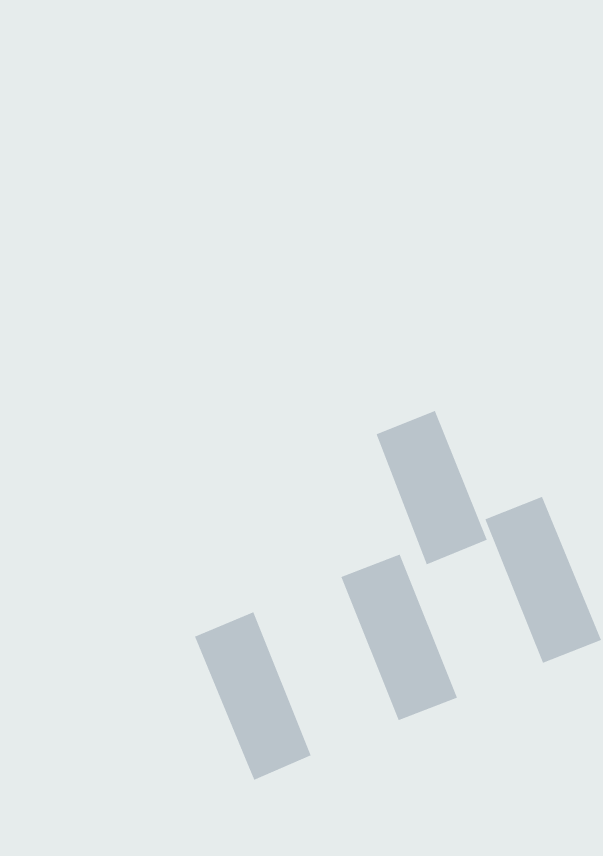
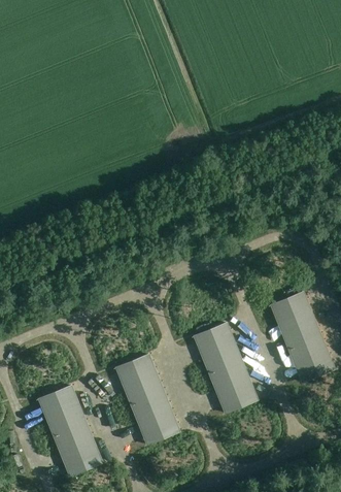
building: [376,410,487,565] -> none
building: none -> [38,385,101,474]

